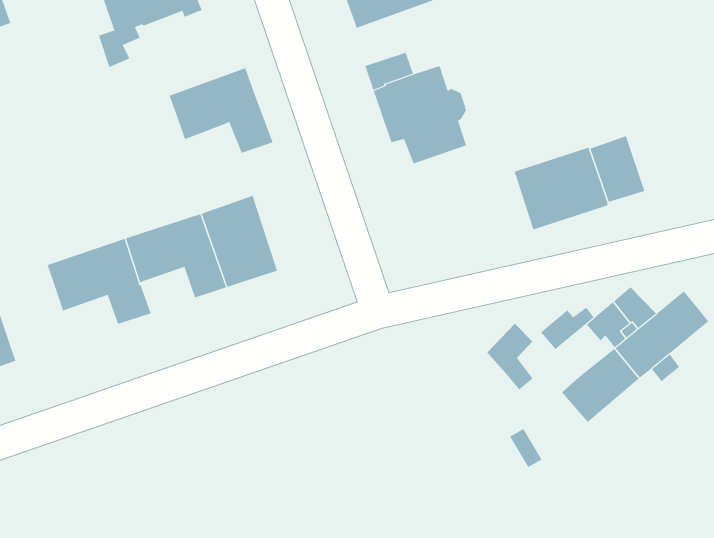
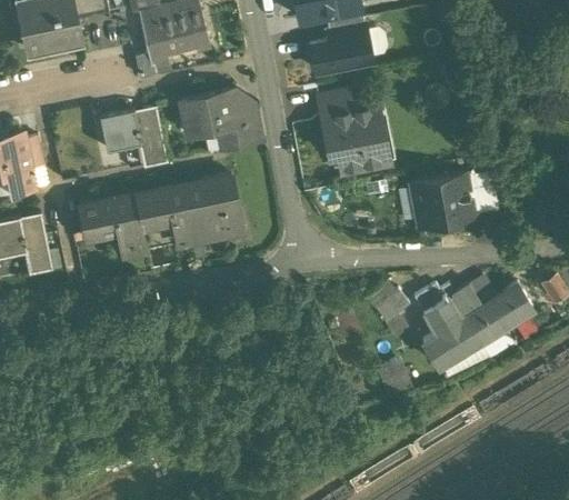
building: none -> [239,107,263,144]
building: none -> [99,107,166,166]
building: none -> [422,299,463,334]

